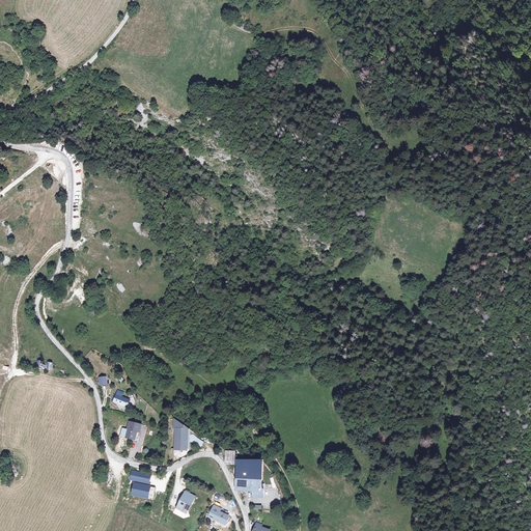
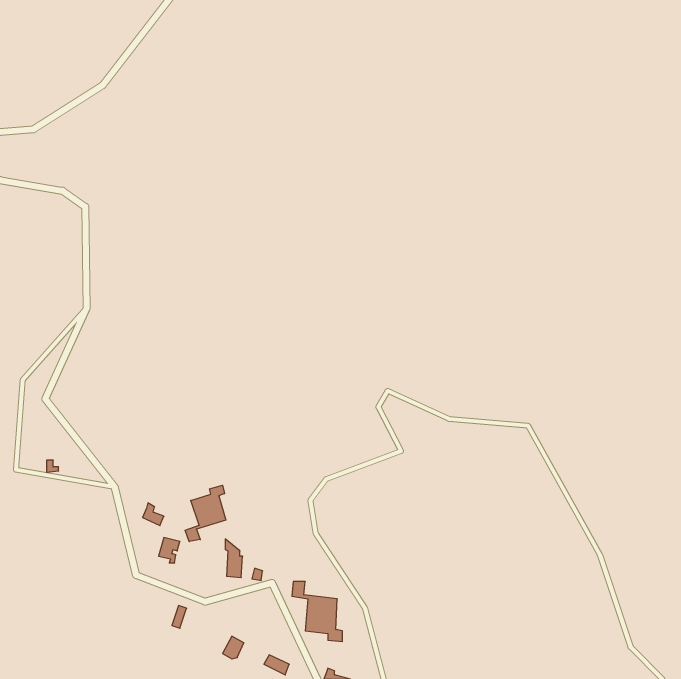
building: none -> [185,485,226,542]

